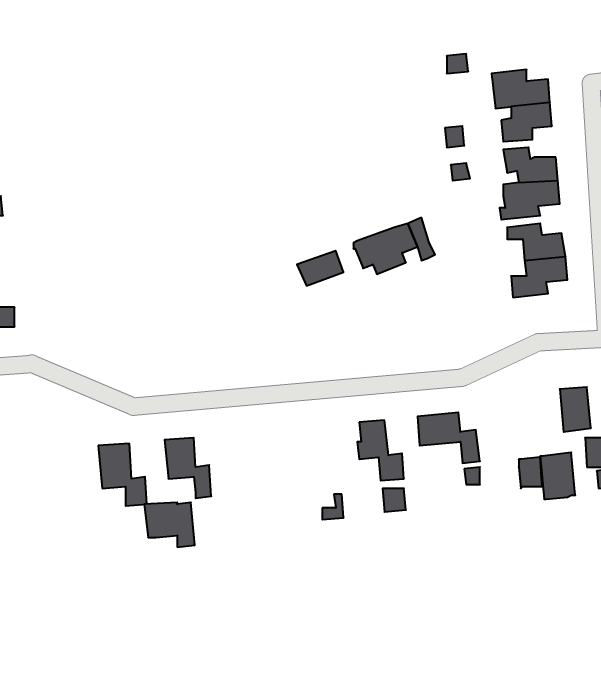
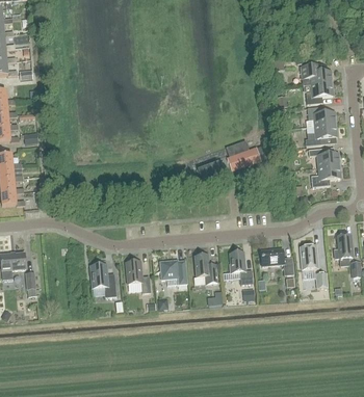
building: none -> [194,255,217,284]
building: [540,452,575,499] -> [300,244,318,269]
building: [144,502,195,547] -> [160,260,187,284]

